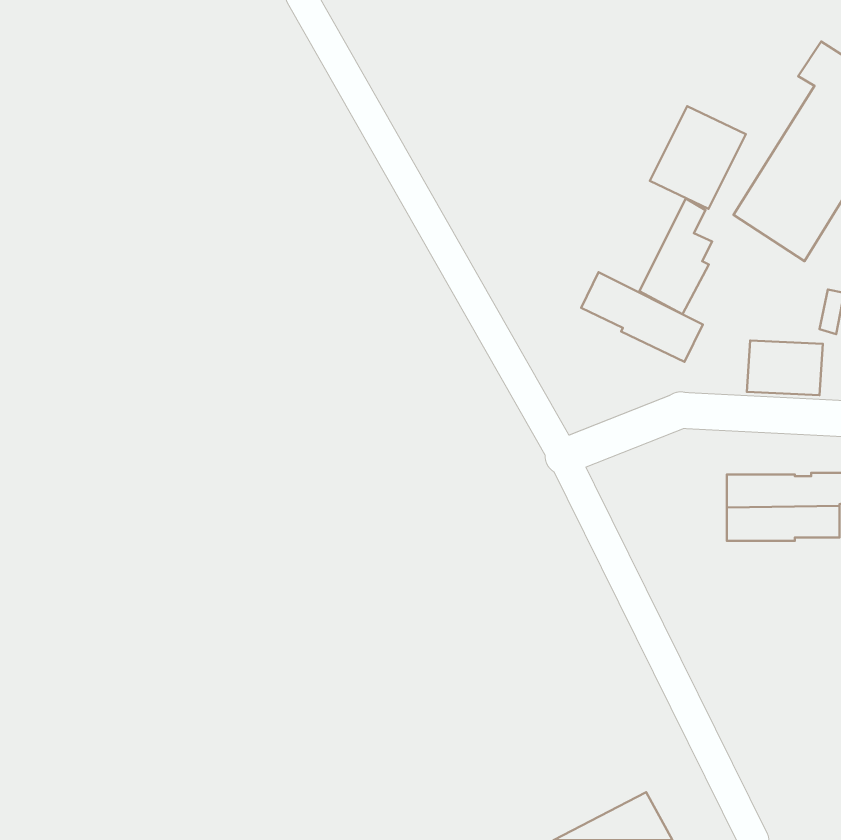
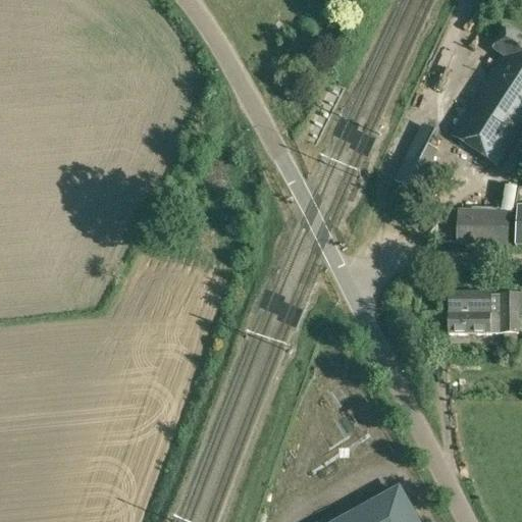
building: [650,106,746,209] -> none
building: [581,272,703,362] -> none

